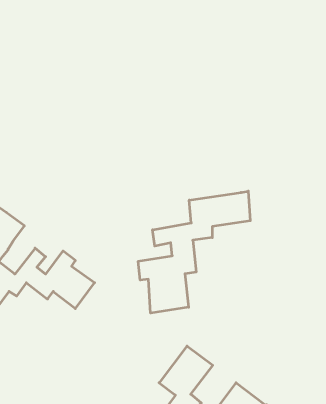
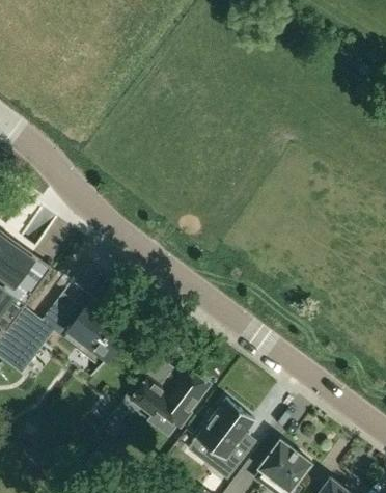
building: [138,191,250,313] -> none
building: none -> [133,366,209,427]

